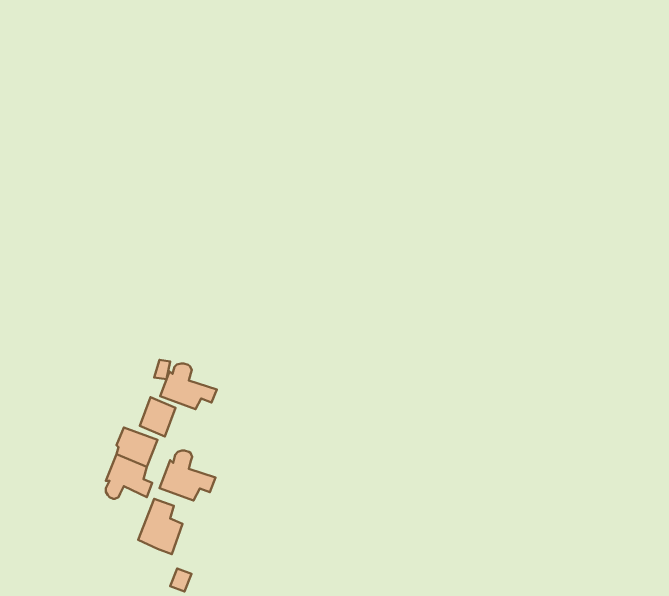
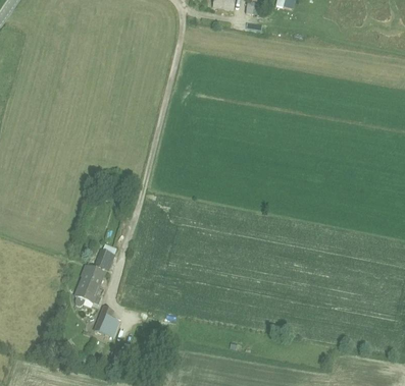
building: [160,363,217,409] -> none
building: [160,450,216,501] -> none

